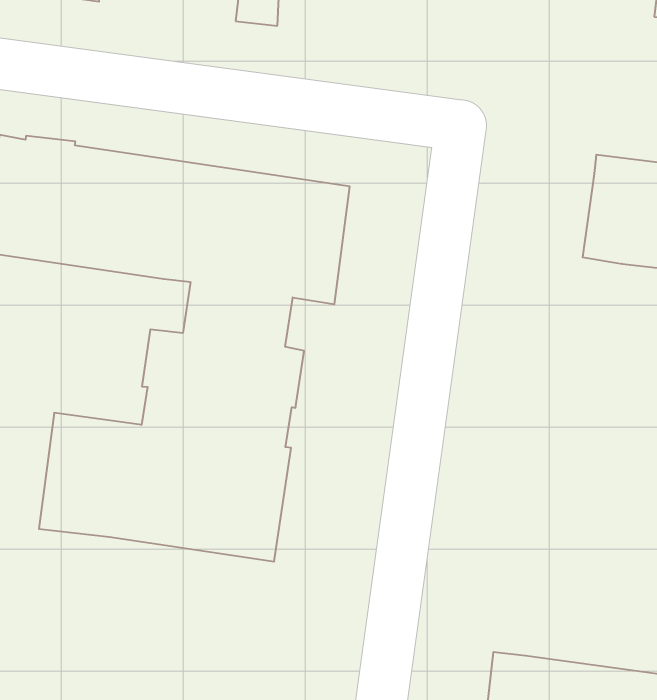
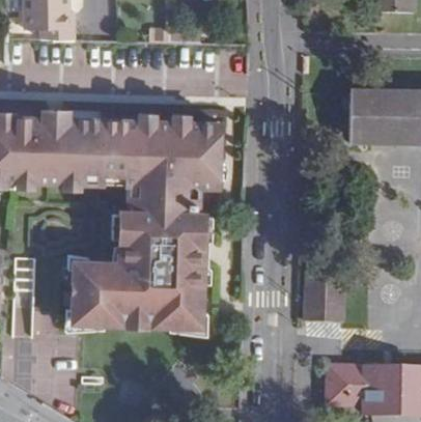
building: none -> [303,272,344,322]

